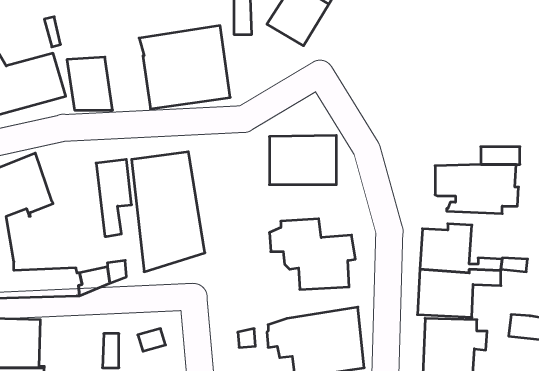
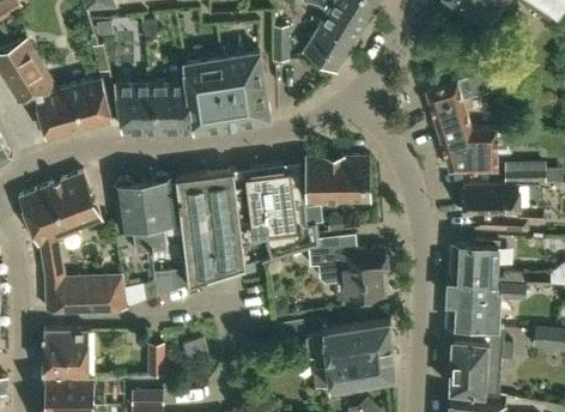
building: none -> [424,69,510,171]
building: none -> [150,80,193,132]
building: none -> [229,163,316,267]
building: none -> [114,182,150,253]

